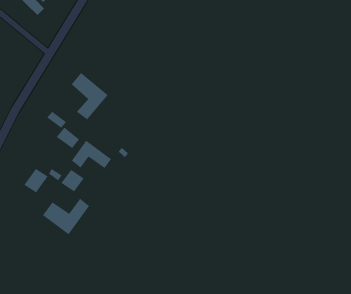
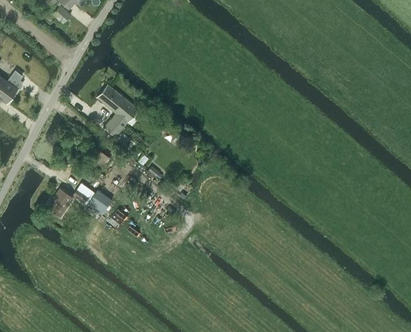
building: [71,140,112,169] -> none
building: [42,198,90,235] -> none

